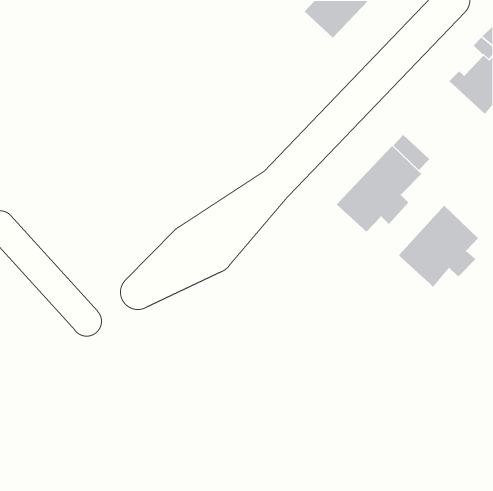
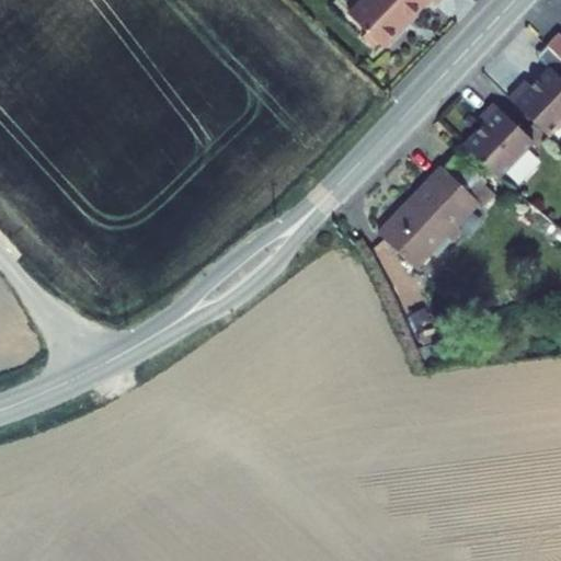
building: none -> [458,105,535,175]
building: [398,205,479,288] -> none

